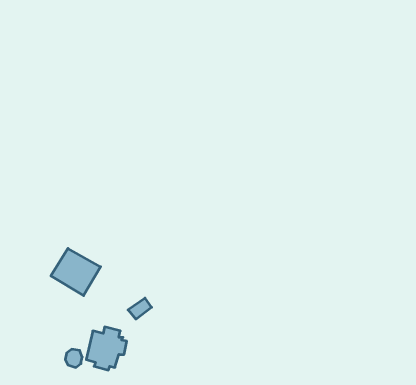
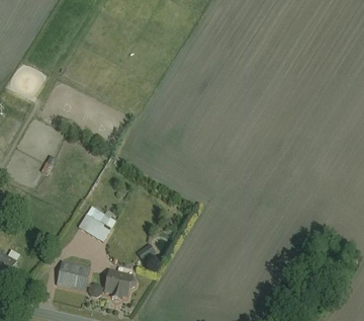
building: none -> [57,260,89,291]

